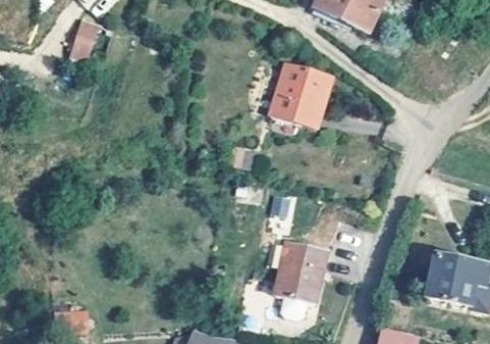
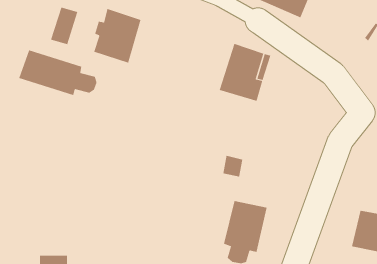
building: none -> [93,8,141,63]
building: none -> [19,50,97,96]

